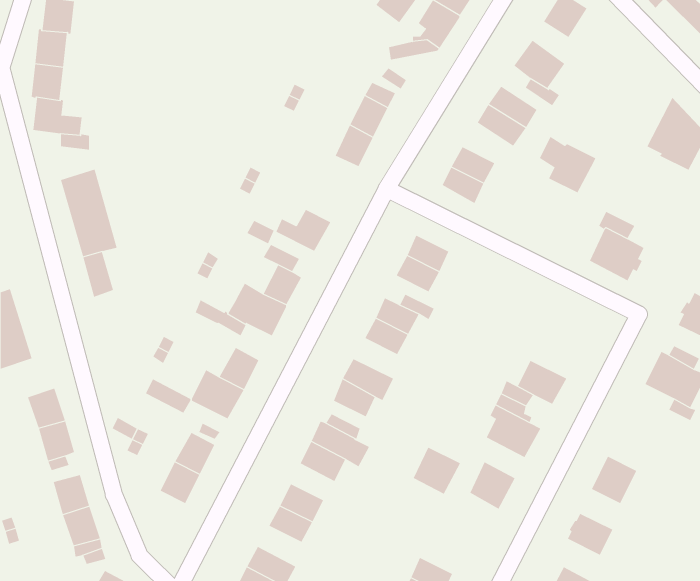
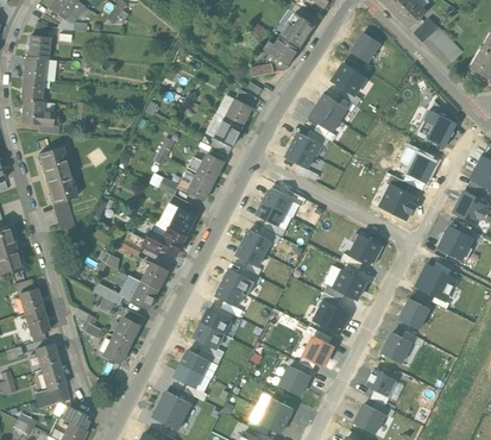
building: [539,136,596,193] -> [401,146,438,183]
building: none -> [187,153,222,181]
building: none -> [348,232,384,265]
building: none -> [398,298,429,329]
building: [413,447,461,495] -> [279,365,310,396]

